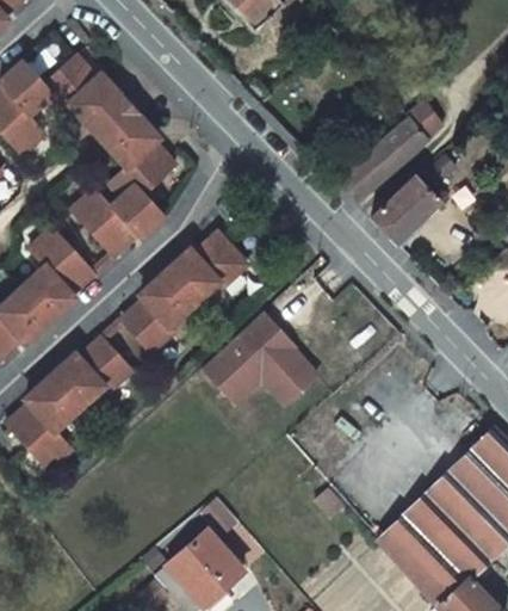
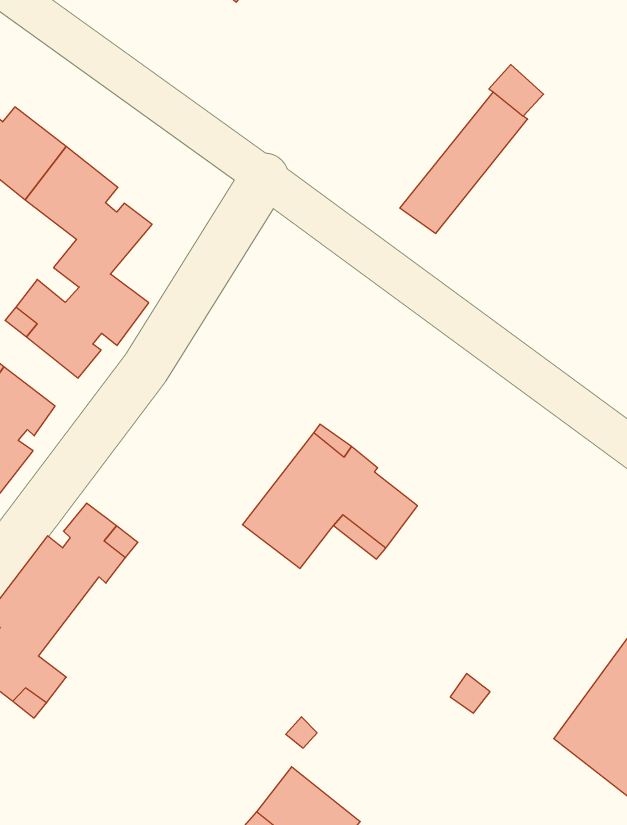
building: [372,175,439,242] -> none
building: [120,232,247,352] -> none

